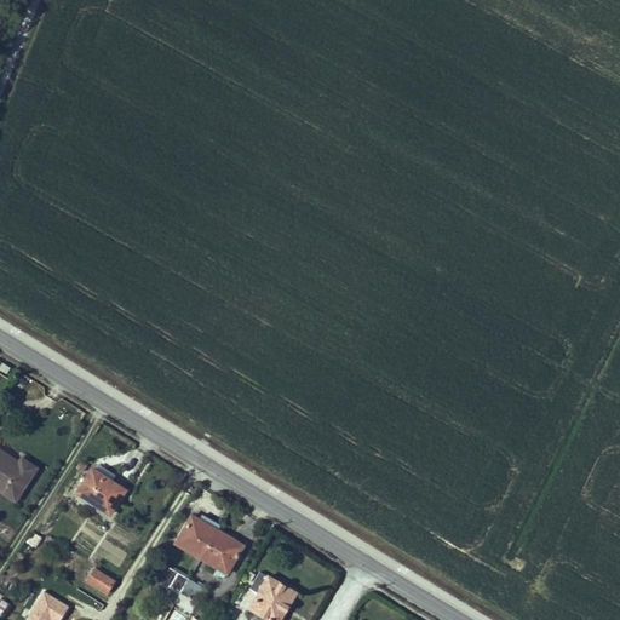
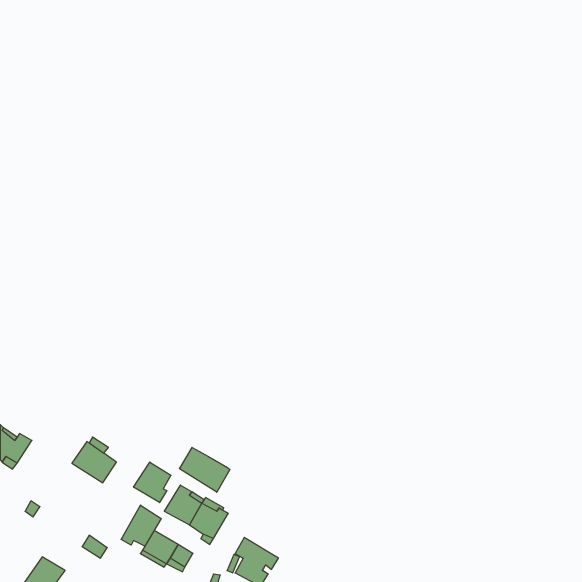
building: none -> [179,447,230,492]
building: none -> [134,462,171,503]
building: none -> [121,505,161,546]

